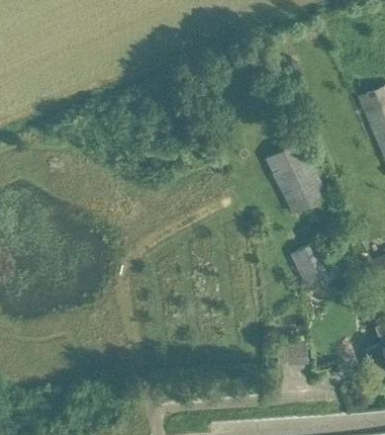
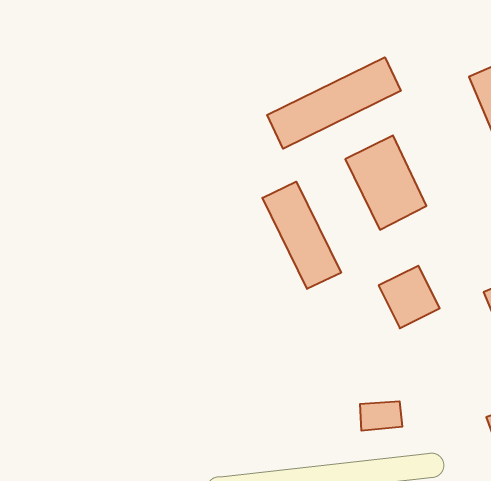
building: none -> [267,57,401,149]
building: none -> [262,182,341,289]

